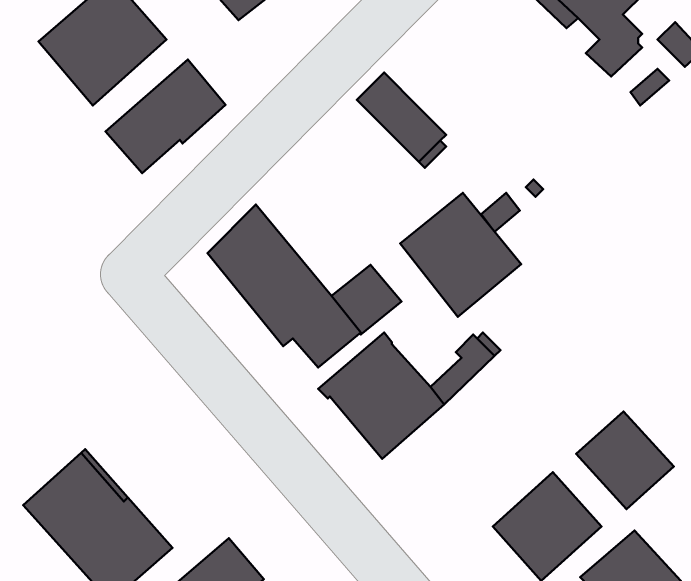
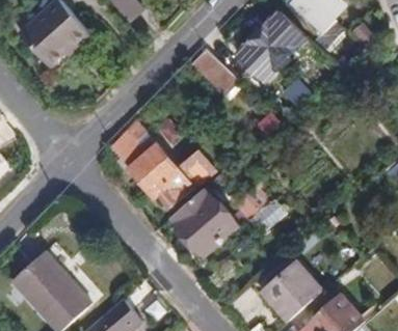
building: none -> [237,21,296,81]
building: [106,60,226,173] -> none
building: [400,193,521,317] -> none
building: [576,411,674,509] -> none

